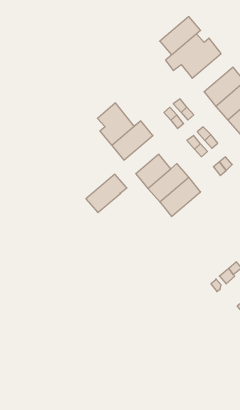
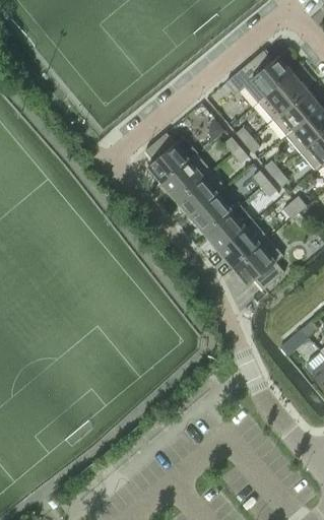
building: [160,17,201,55] -> [258,74,307,120]
building: [86,174,127,213] -> [177,172,225,217]
building: none -> [234,239,284,290]

